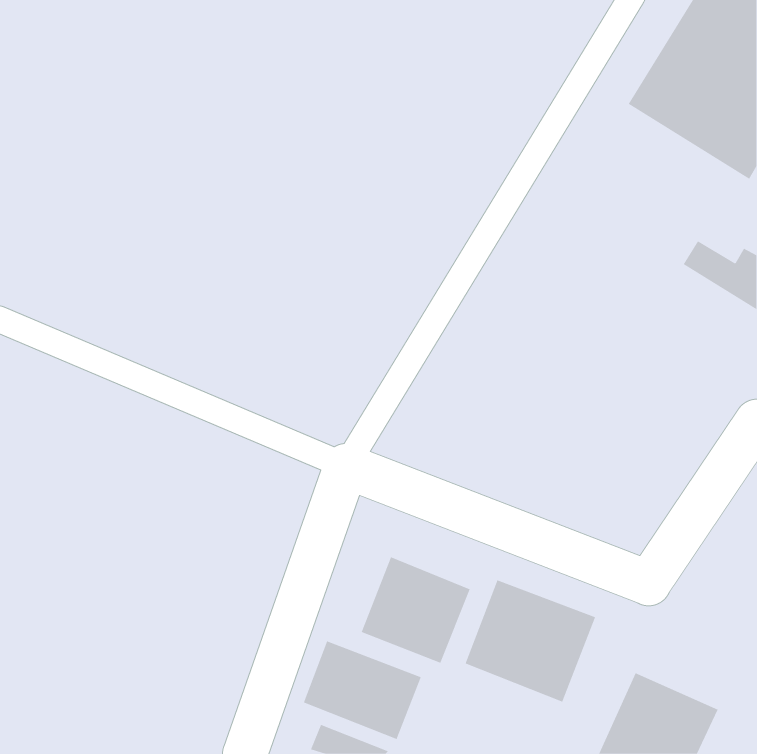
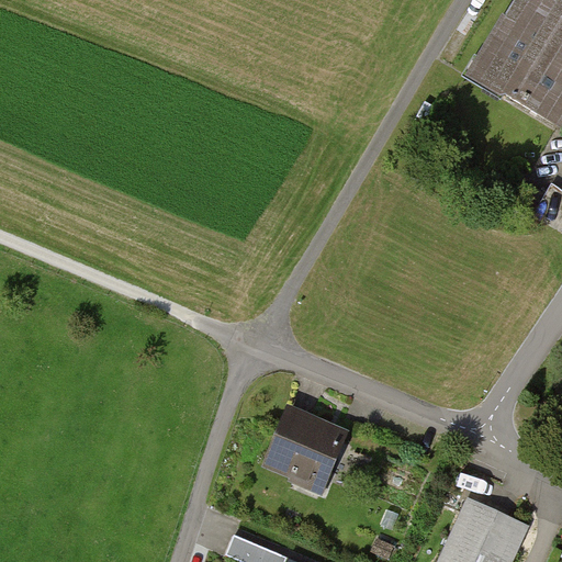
building: [465,579,596,702] -> none
building: [303,641,422,740] -> none

